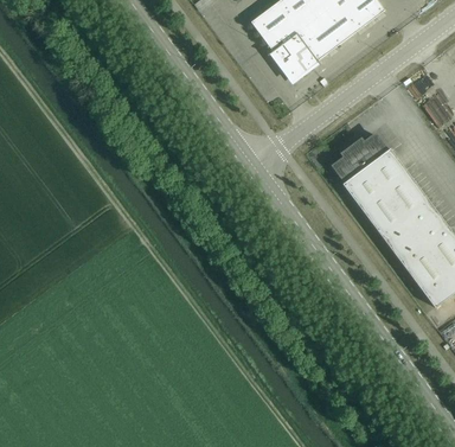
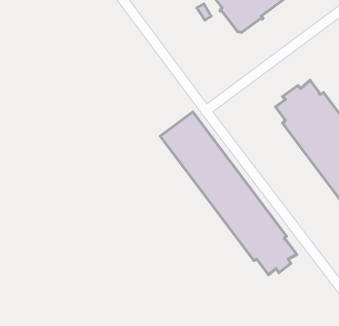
building: none -> [160,112,297,275]

